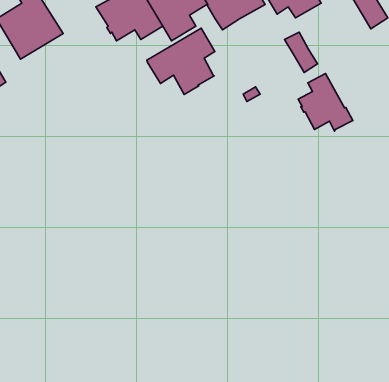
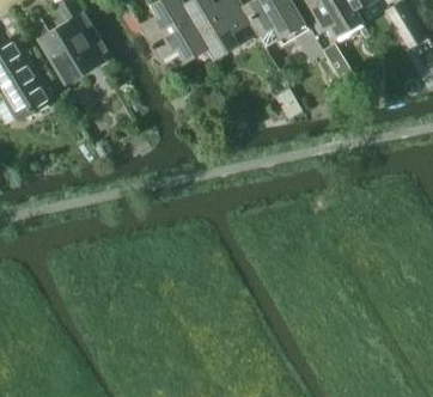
building: [147,28,215,95] -> none
building: [298,74,353,131] -> none

